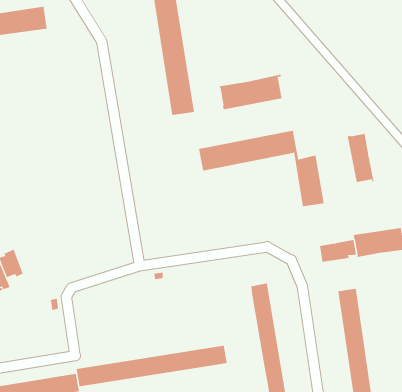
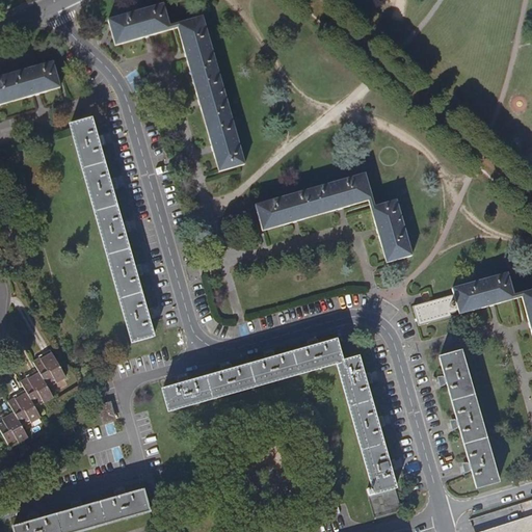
building: none -> [71,116,155,340]
building: [219,74,282,110] -> none
building: [347,133,374,183] -> none
building: [76,345,228,387] -> [162,339,341,408]

